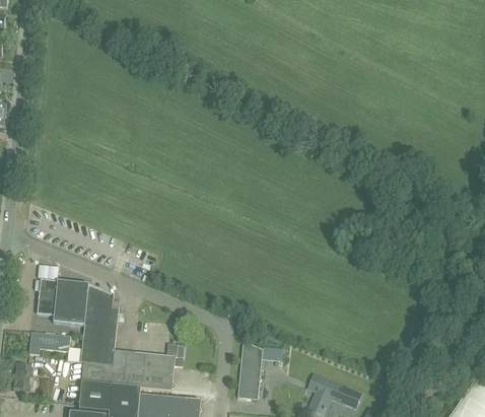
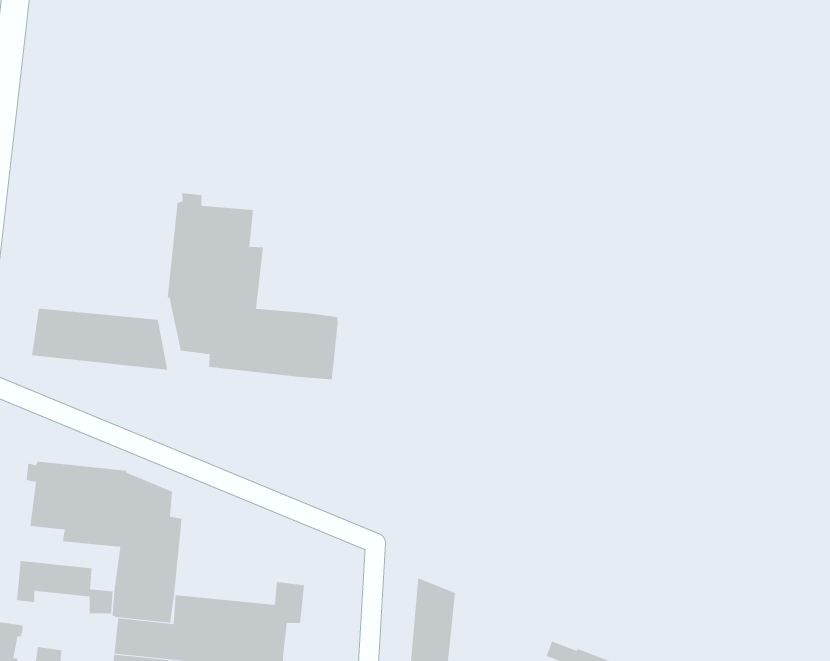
building: none -> [167,193,338,380]
building: none -> [32,308,168,370]

